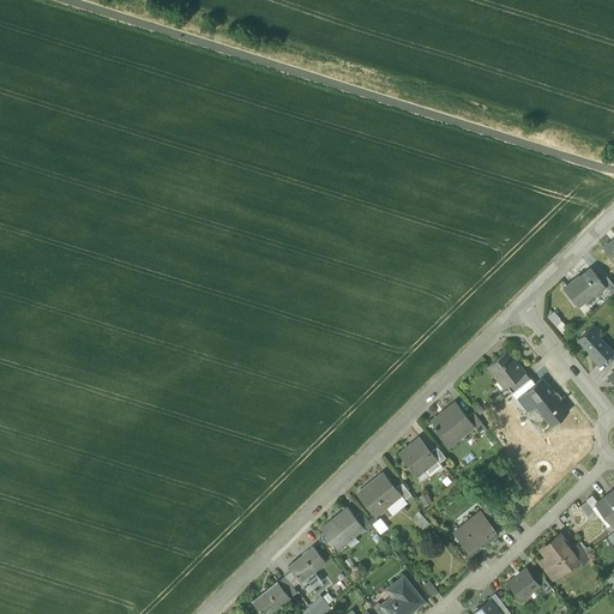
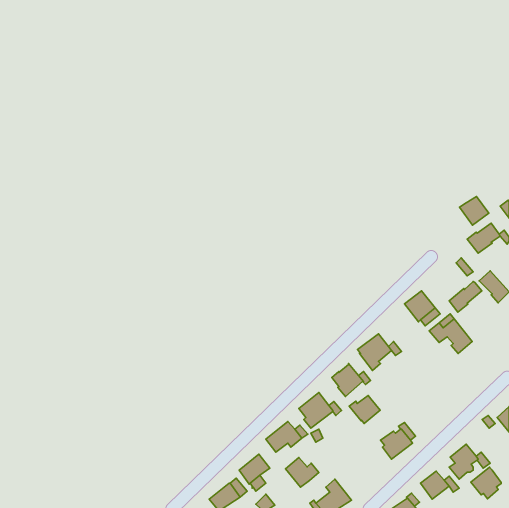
building: none -> [460,197,489,225]
building: none -> [449,282,482,312]
building: none -> [349,395,380,423]
building: none -> [286,458,319,487]
building: none -> [471,467,501,499]

